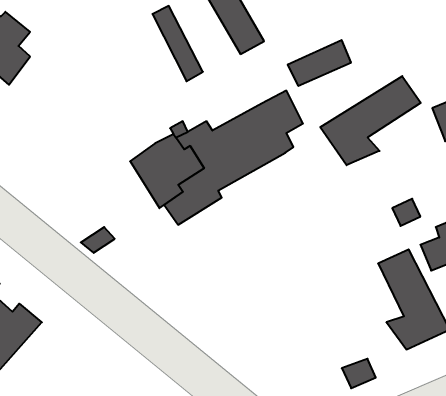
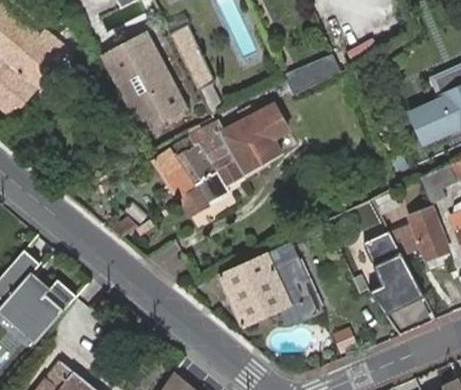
building: none -> [105,32,187,129]
building: [320,76,421,165] -> none
building: none -> [214,244,322,333]

